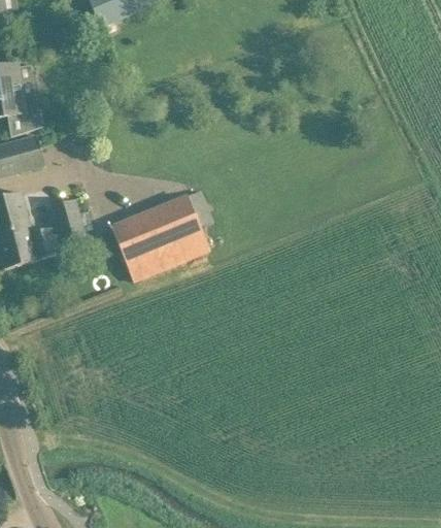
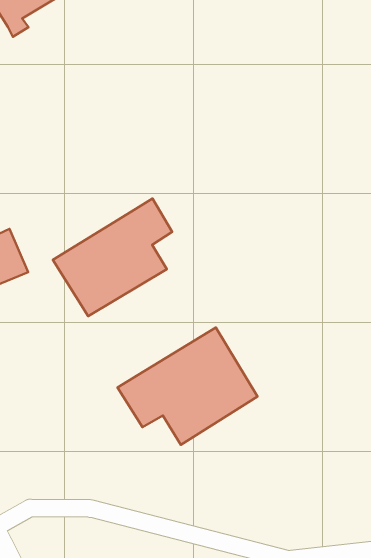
building: none -> [118,327,257,445]

